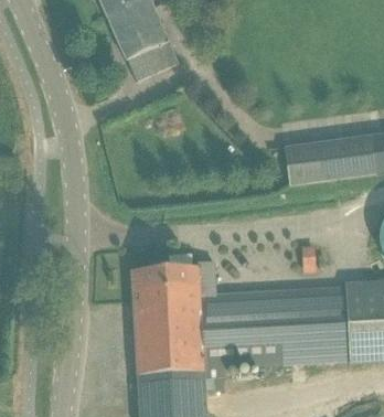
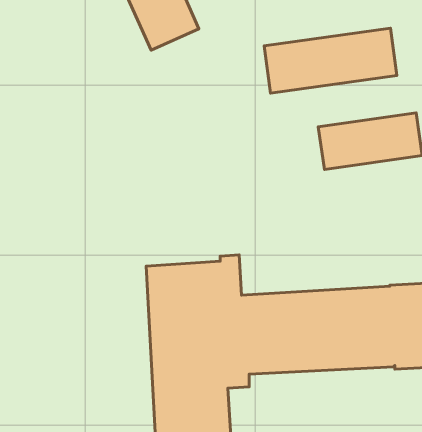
building: none -> [264,28,397,93]

